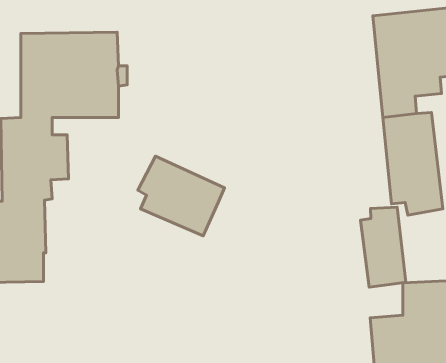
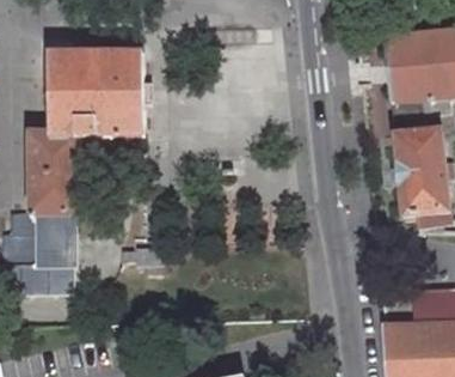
building: [138,156,225,236] -> none
building: [360,207,406,287] -> none

